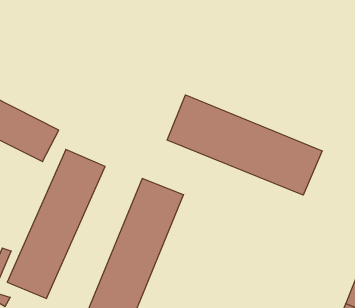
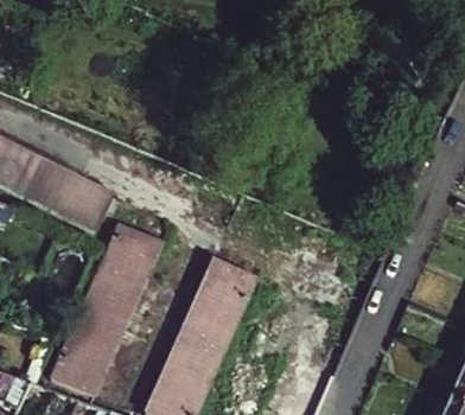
building: [167,95,322,195] -> none

